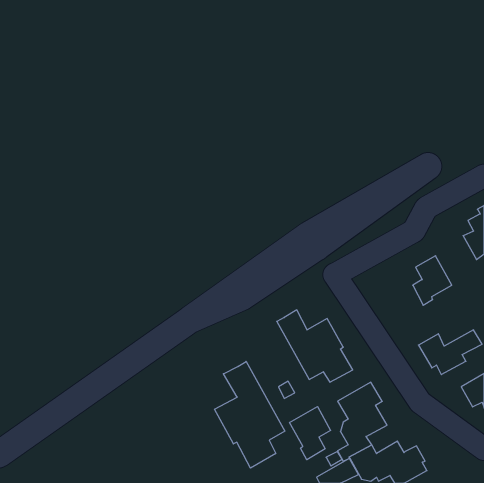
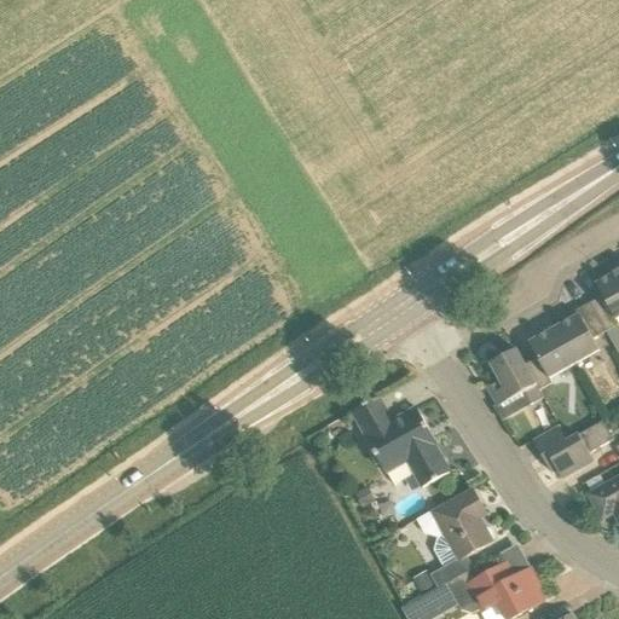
building: none -> [554,300,606,363]
building: none -> [485,347,543,405]
building: [215,361,285,468] -> none
building: [290,407,331,460] -> none

